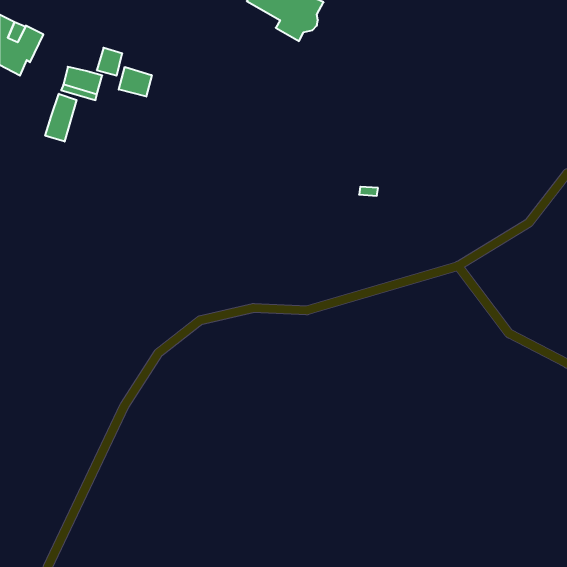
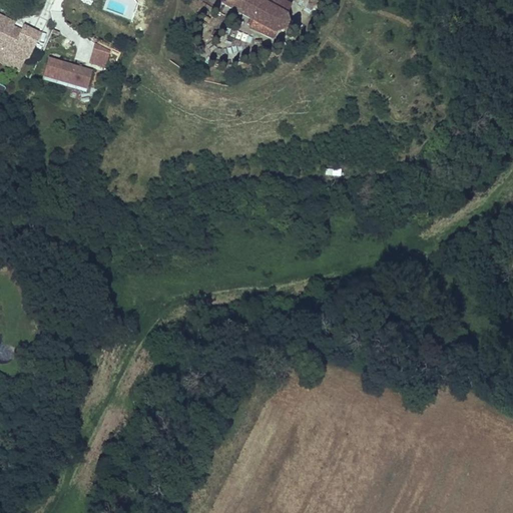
building: [119,67,152,97] -> none
building: [45,94,77,142] -> none

